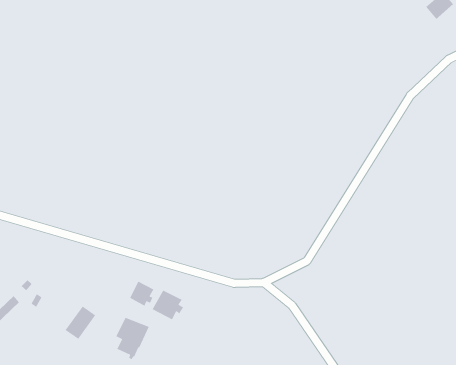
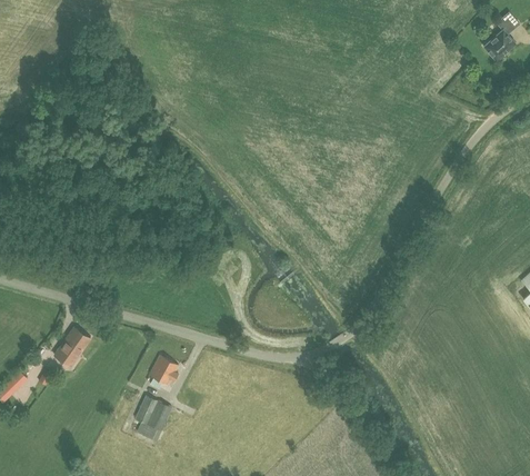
building: [152,290,184,320] -> none
building: [65,305,96,340] -> [54,327,90,366]

